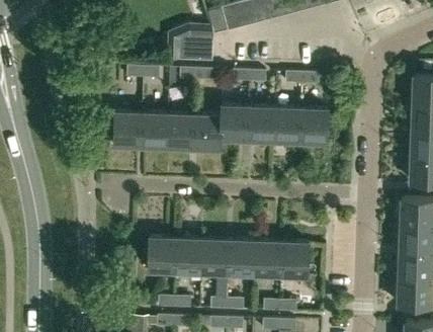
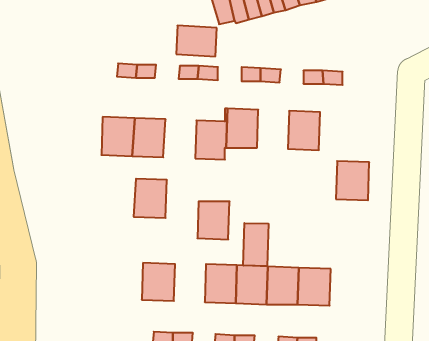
building: [246,106,273,140] -> none
building: [298,108,327,142] -> [336,161,369,200]
building: [166,114,194,148] -> [134,179,167,218]
building: none -> [243,223,268,266]
building: [175,238,202,270] -> [197,201,230,239]

